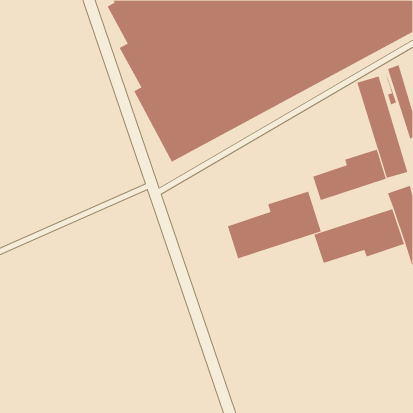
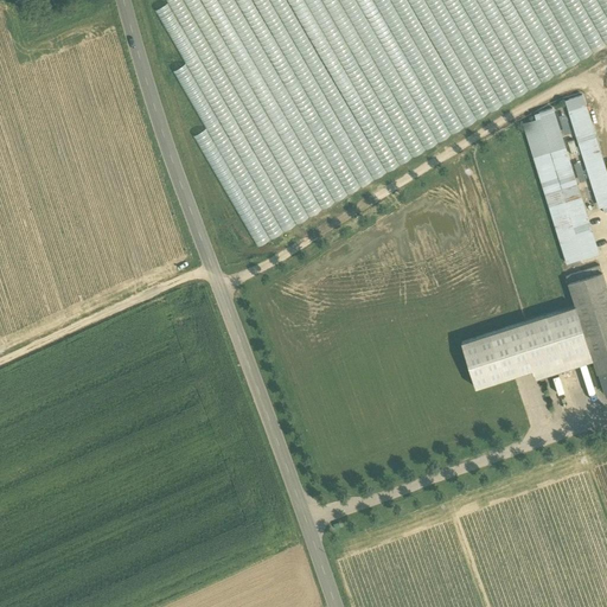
building: [312,149,387,201] -> none
building: [227,191,321,259] -> none

